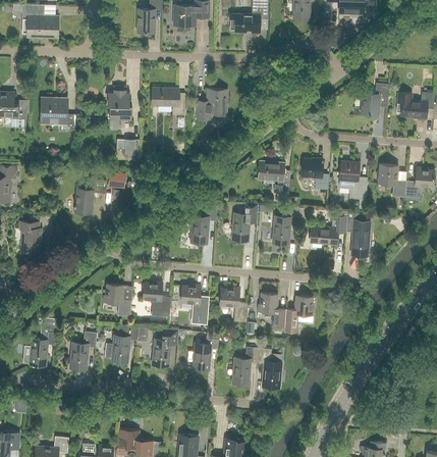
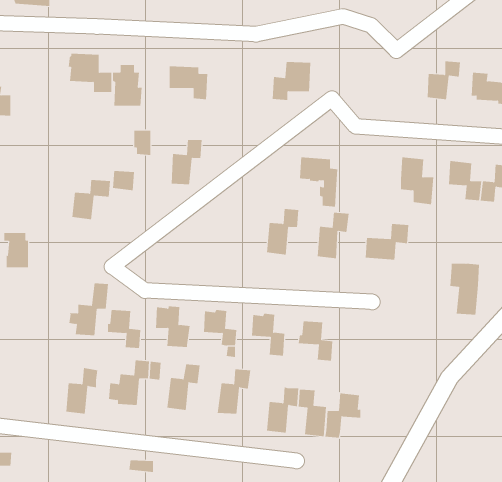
building: [196,89,227,120] -> [272,61,311,101]
building: [40,99,75,131] -> [68,53,112,92]
building: [302,159,328,190] -> none
building: [190,206,216,243] -> [171,140,202,185]
building: [345,213,370,255] -> [450,263,480,315]
building: [283,296,313,333] -> [324,393,361,438]
building: [23,322,56,365] -> [69,283,109,336]

